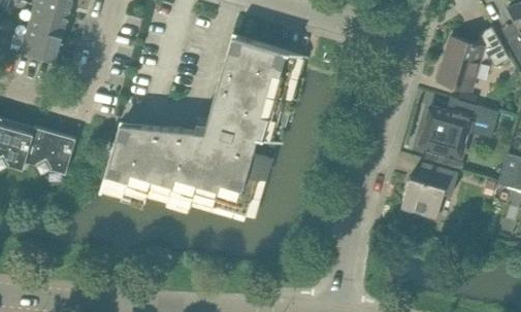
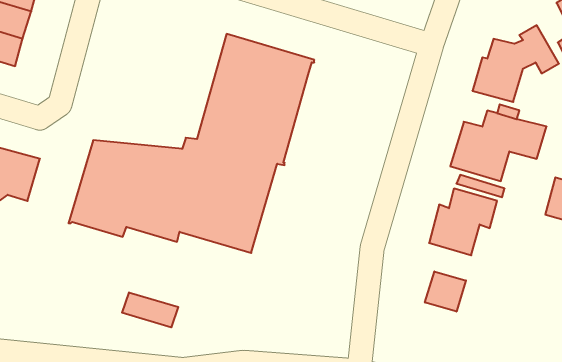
building: none -> [425,271,466,312]
building: none -> [122,292,178,327]

